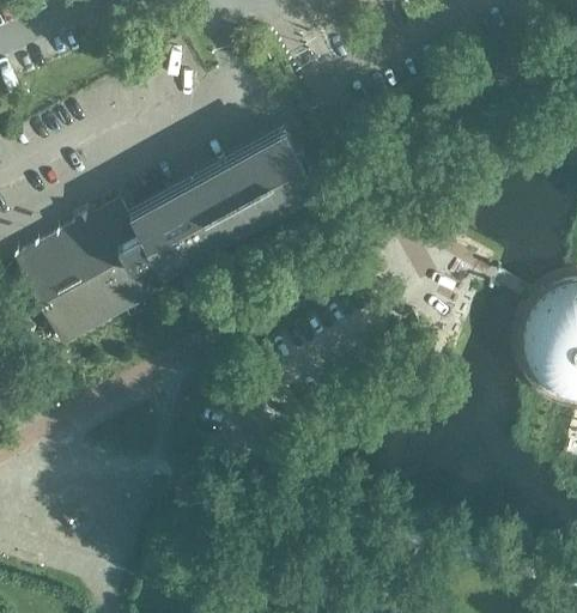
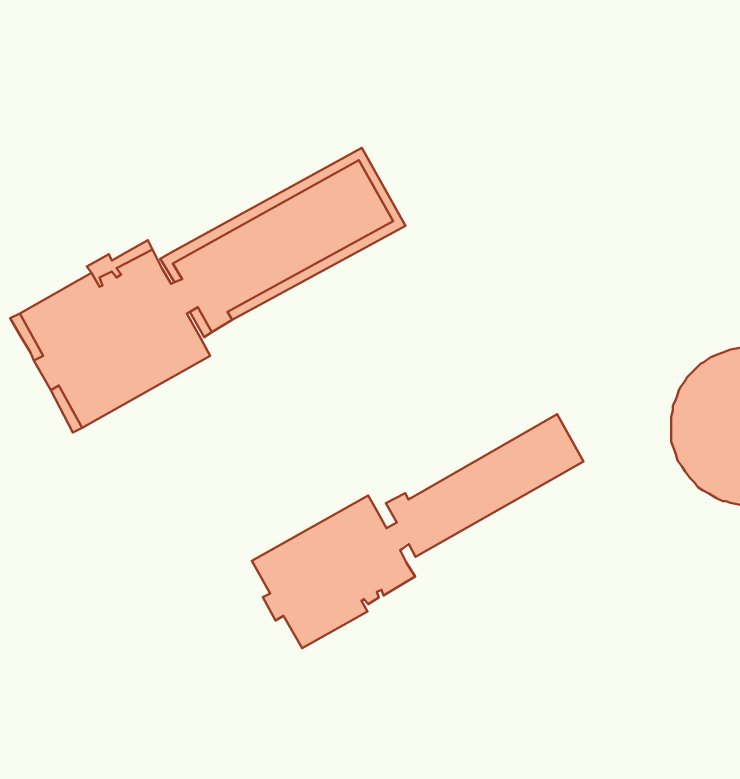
building: none -> [252,414,584,648]

